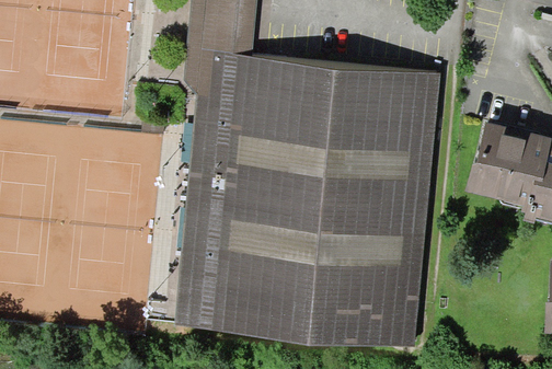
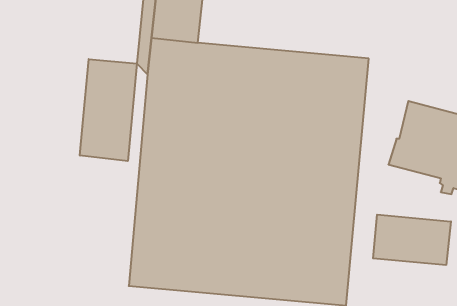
building: none -> [80,59,137,161]
building: none -> [373,215,451,265]

